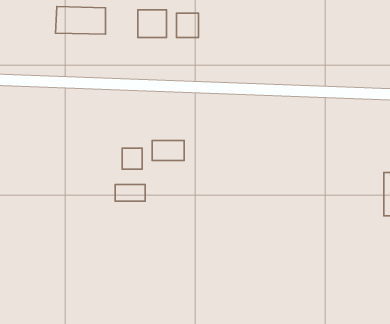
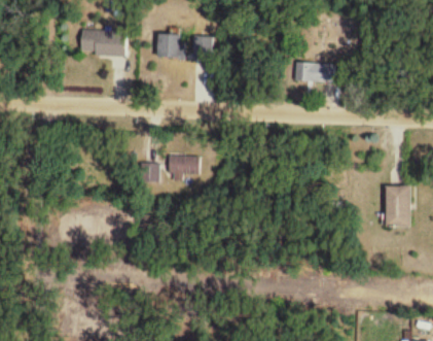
building: none -> [300,62,335,82]
building: [115,185,145,201] -> none

